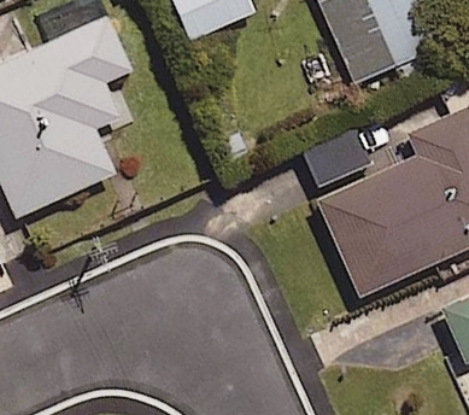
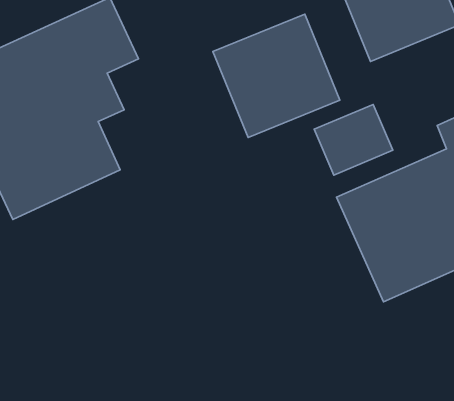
building: none -> [213,14,340,138]

